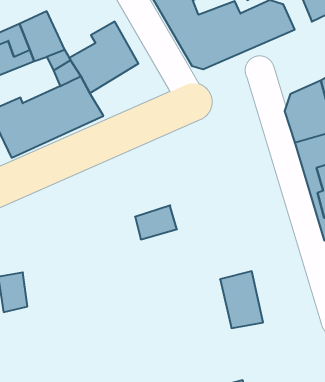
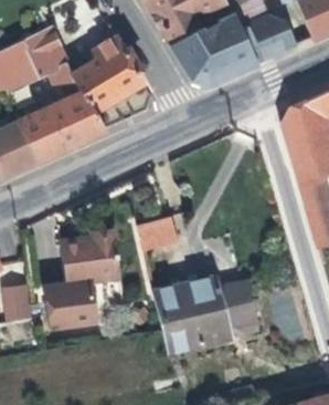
building: none -> [42,235,118,334]
building: none -> [153,281,231,351]

